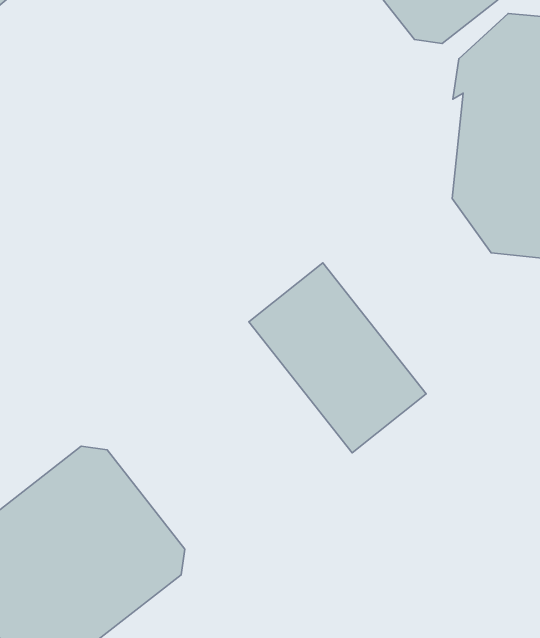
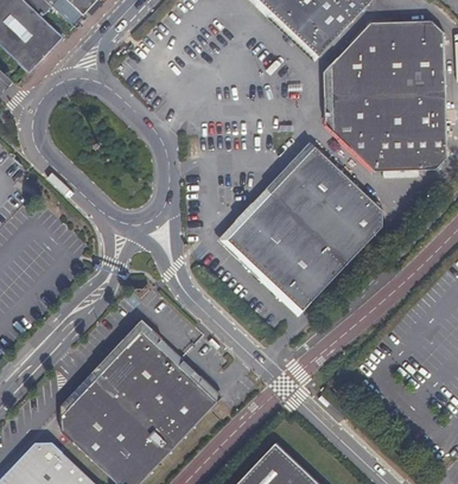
building: none -> [267,146,383,269]

